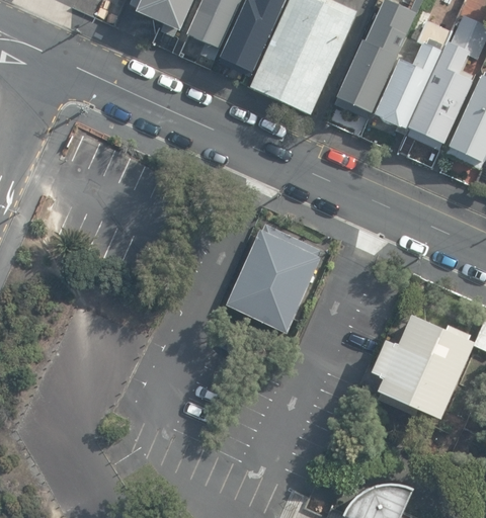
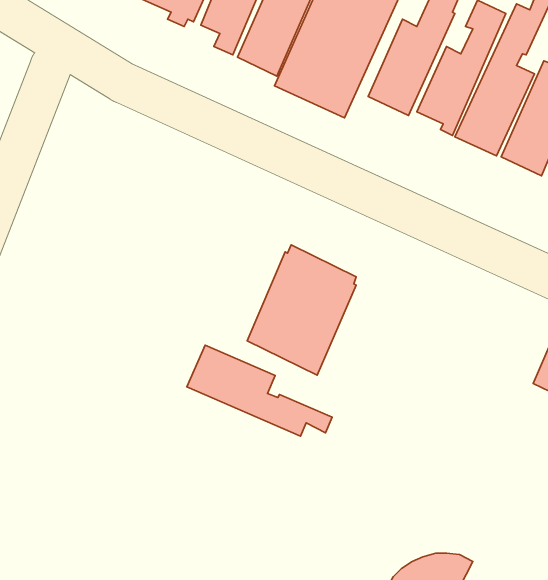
building: none -> [187,345,332,436]
building: [368,317,472,422] -> none

